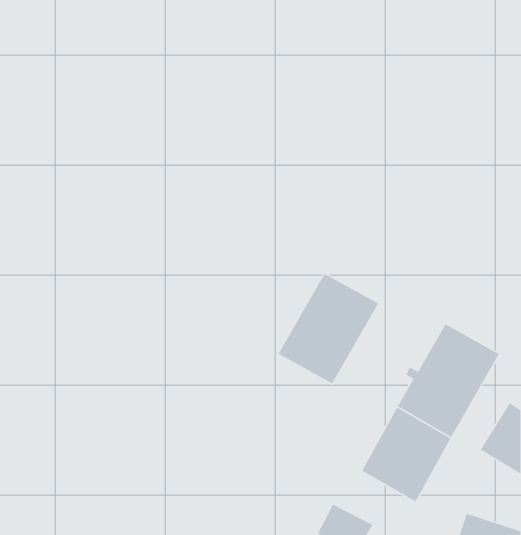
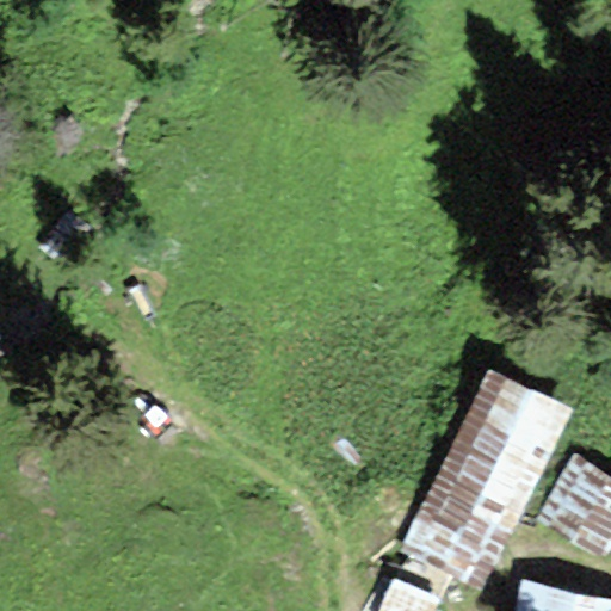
building: [278,273,379,384] -> none

